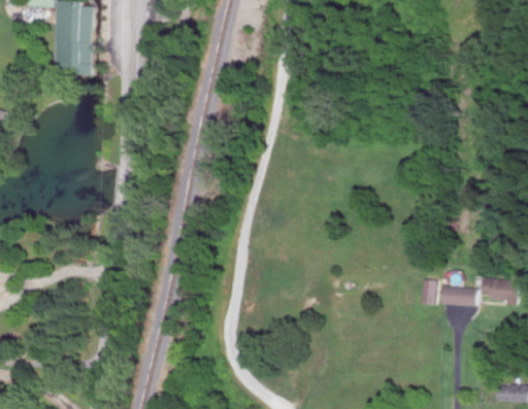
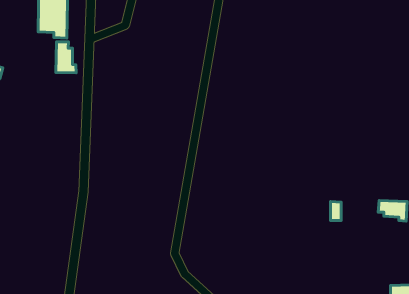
building: none -> [56,42,76,73]
building: [440,286,476,305] -> none

